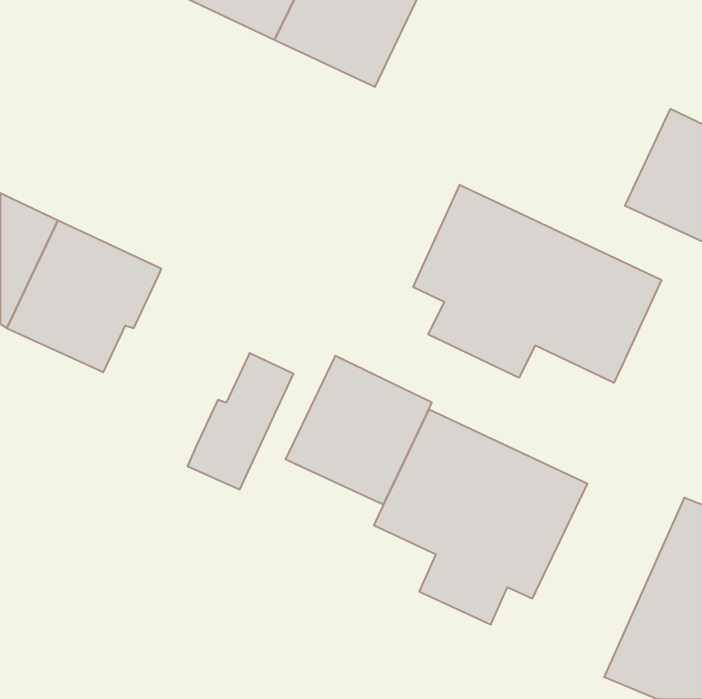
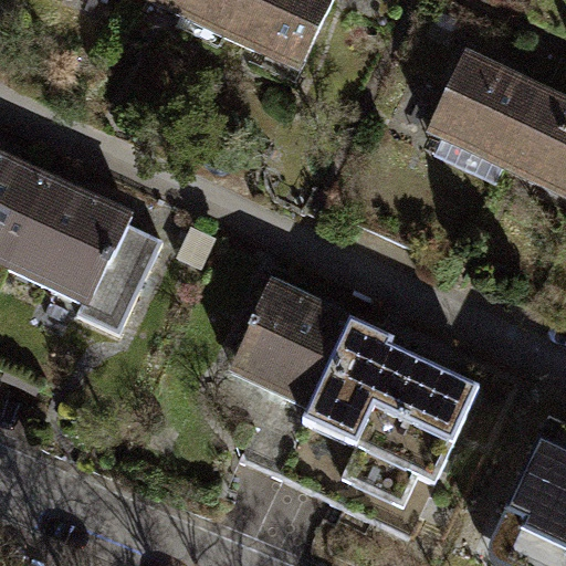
building: none -> [427,51,539,165]
building: [413,185,661,383] -> none
building: [187,353,294,490] -> [78,223,164,333]

